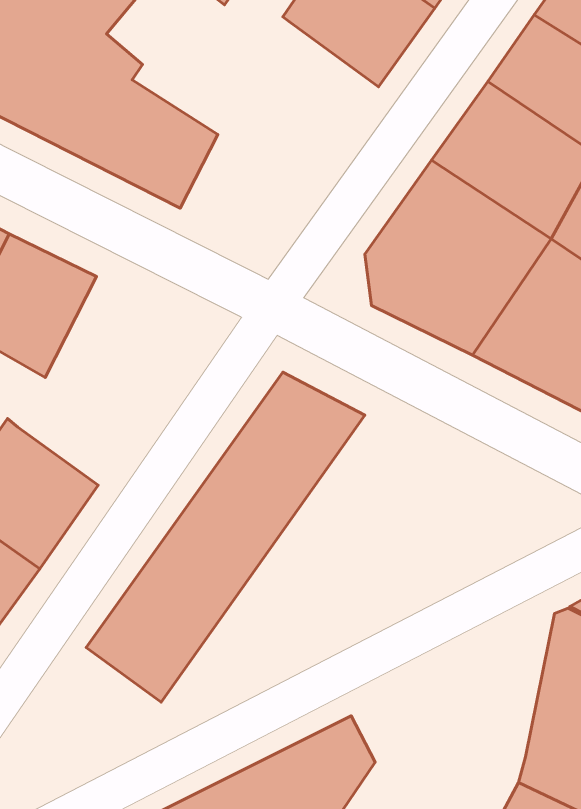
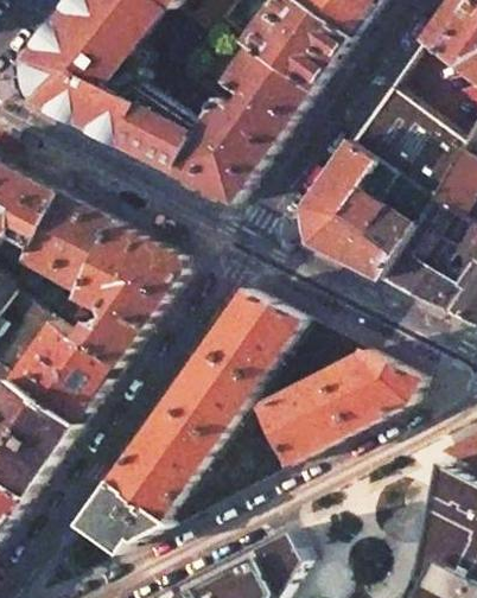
building: none -> [170,45,307,203]
building: none -> [57,222,180,367]
building: none -> [255,349,416,464]
building: none -> [78,479,165,547]

